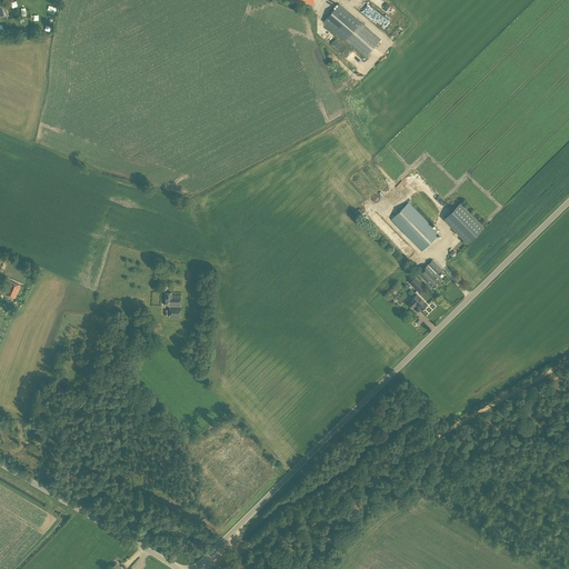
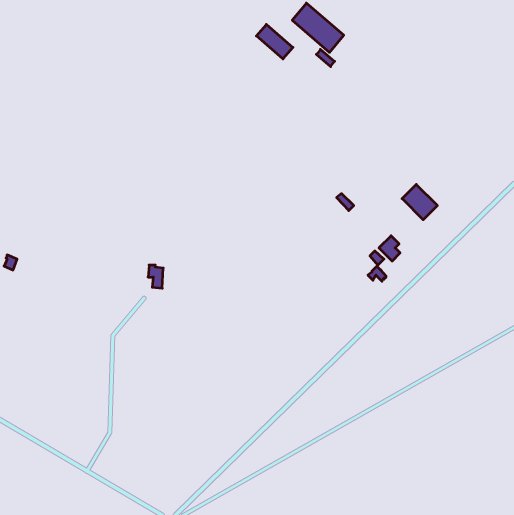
building: none -> [256,24,293,59]
building: [390,202,438,251] -> none

